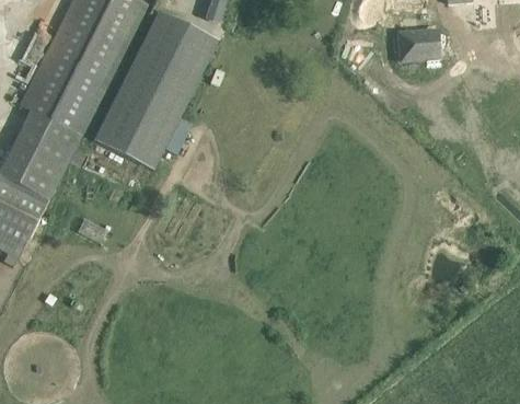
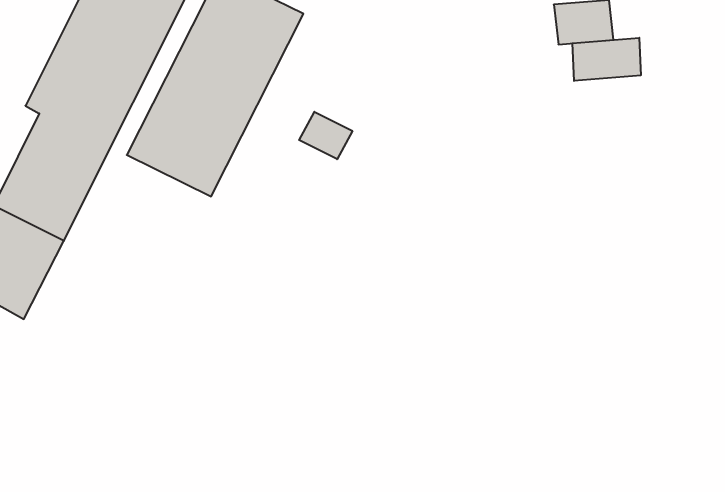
building: none -> [572,38,641,81]
building: none -> [299,112,352,159]

